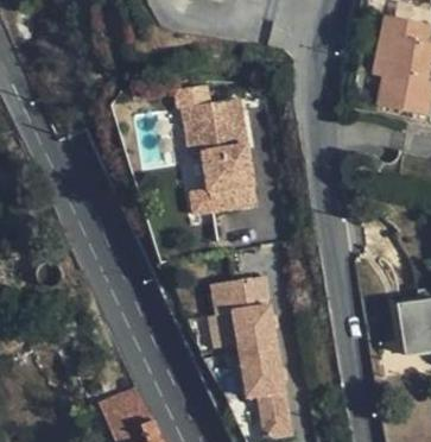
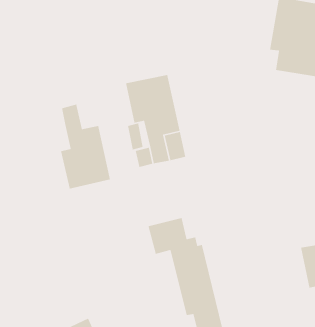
building: none -> [60,104,111,190]

